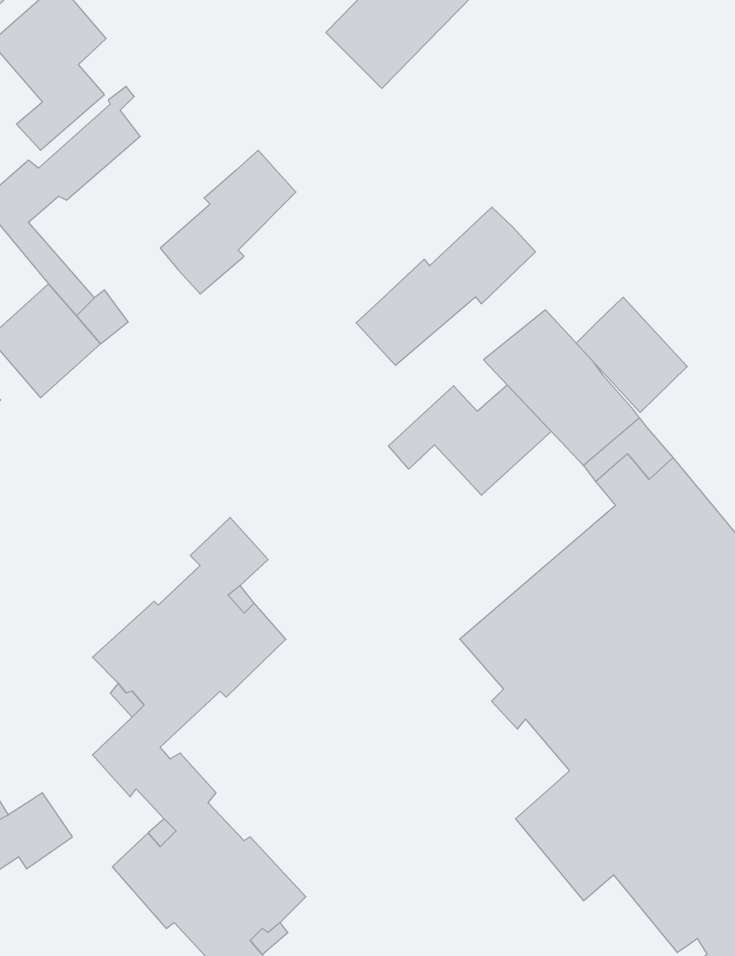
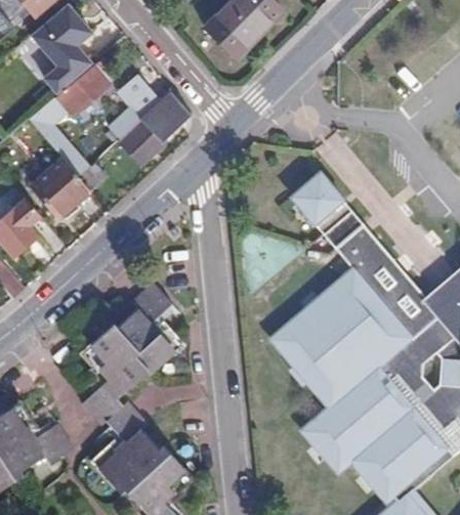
building: none -> [107,75,159,138]
building: [356,207,535,365] -> none
building: [576,297,687,412] -> none
building: [389,385,551,495] -> none

